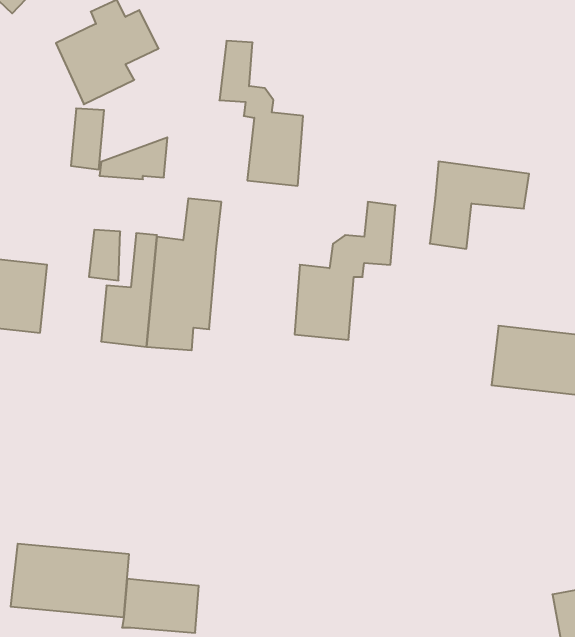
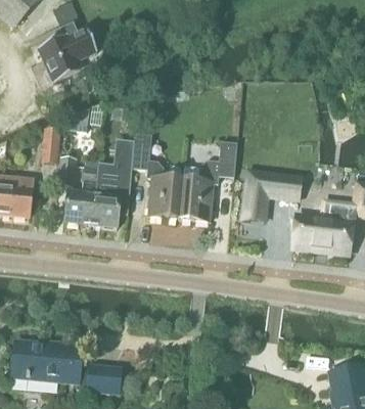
building: [219,41,303,186] -> [132,133,181,218]
building: [71,108,104,169] -> [41,128,60,164]
building: [430,162,529,249] -> [242,170,301,221]

